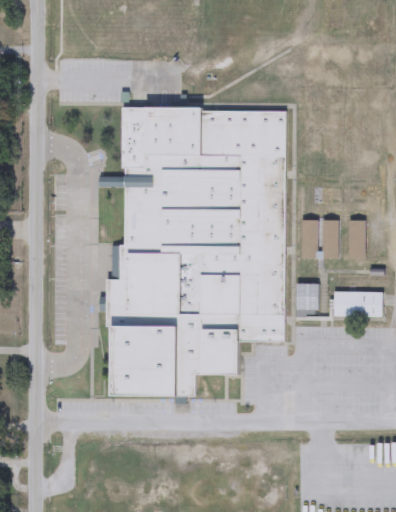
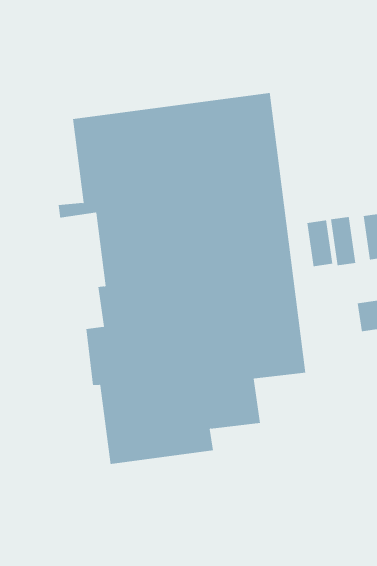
building: [295,283,317,313] -> none

